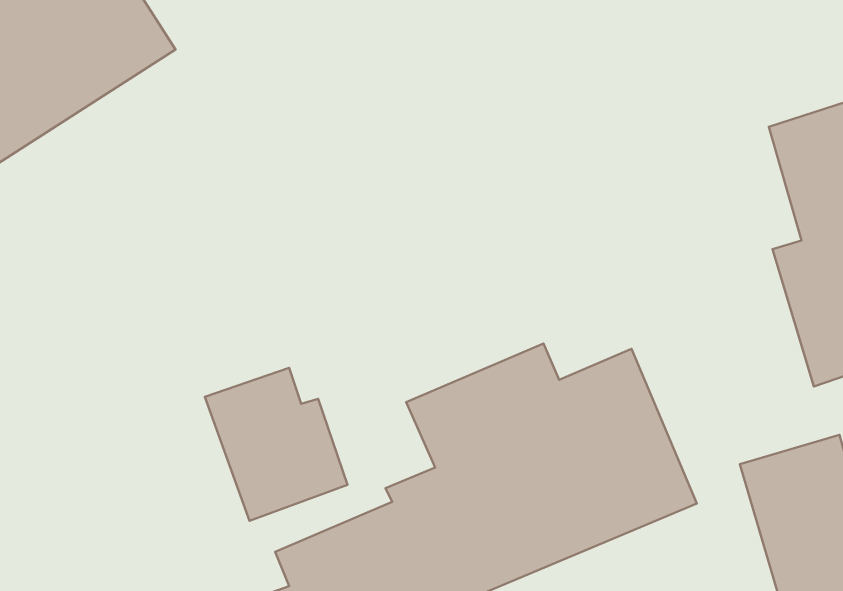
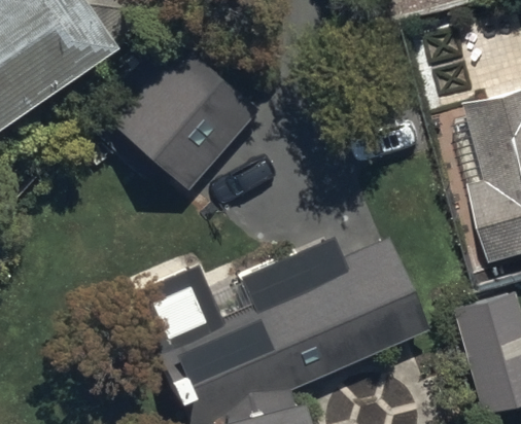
building: none -> [94,37,252,204]

